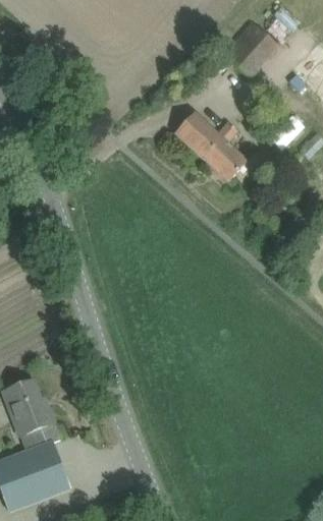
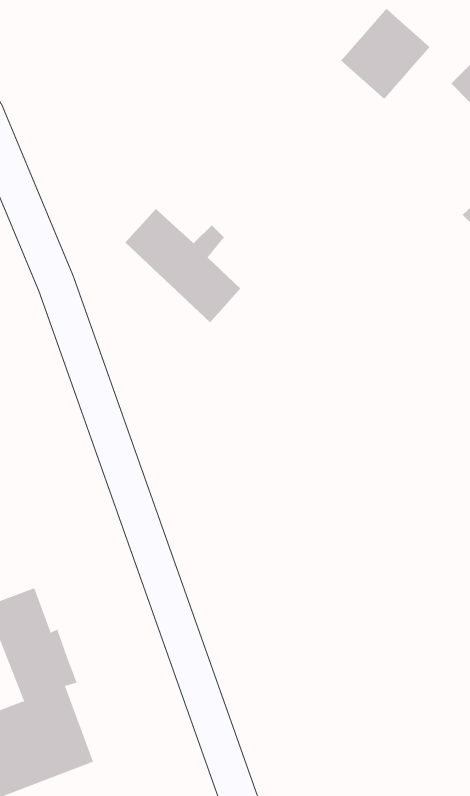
building: [174,111,247,182] -> [125,208,241,323]

